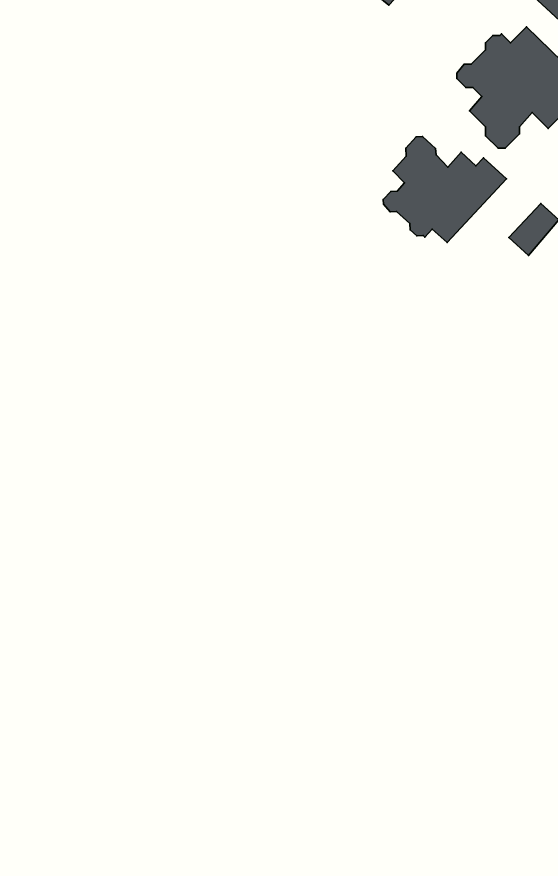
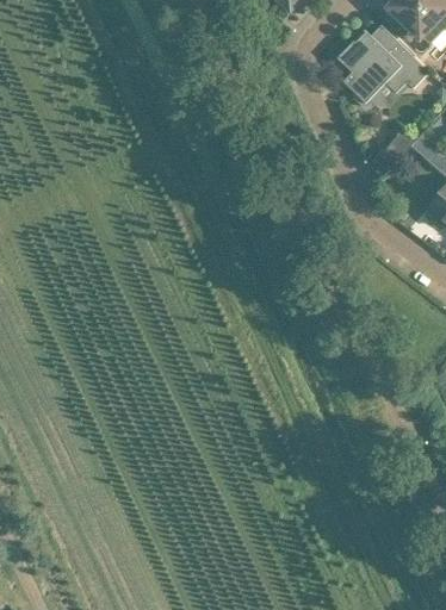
building: [383,137,507,243] -> none

